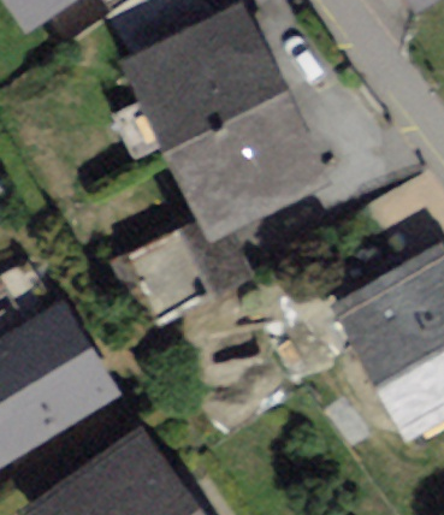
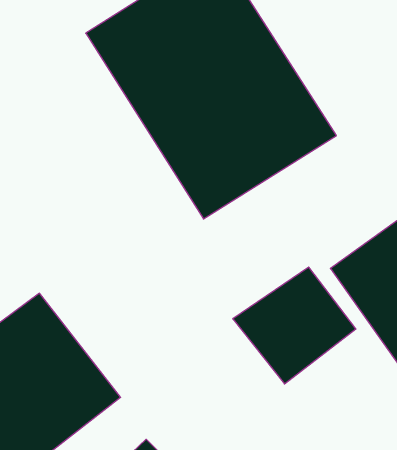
building: [117,217,226,319] -> [233,267,356,384]

